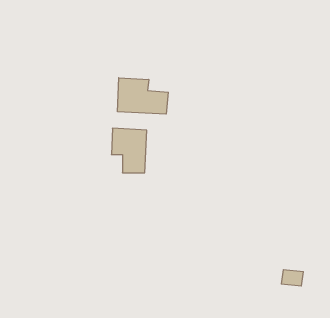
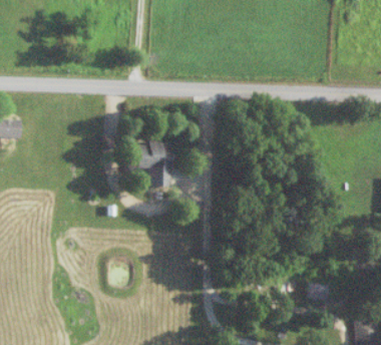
building: [118,78,168,114] -> none

